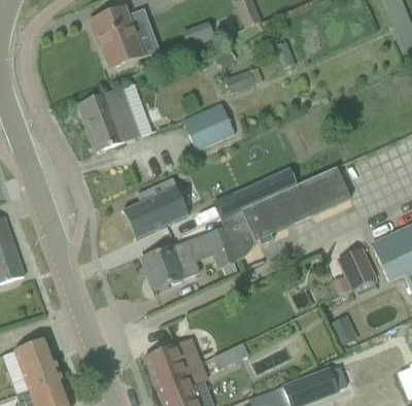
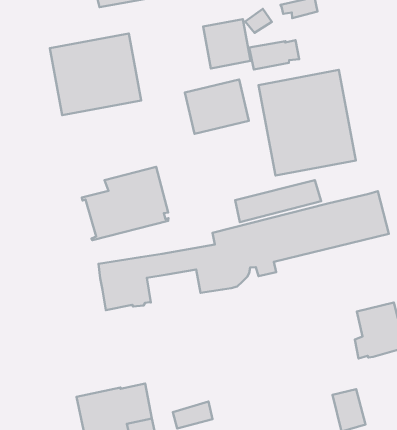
building: none -> [203,19,251,68]
building: none -> [259,70,356,176]

